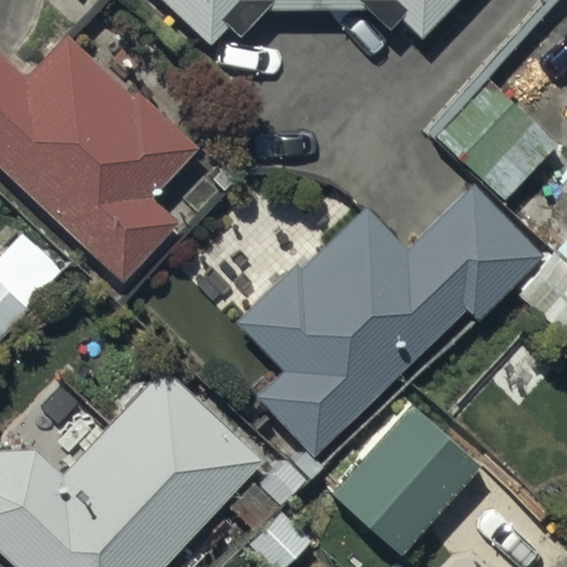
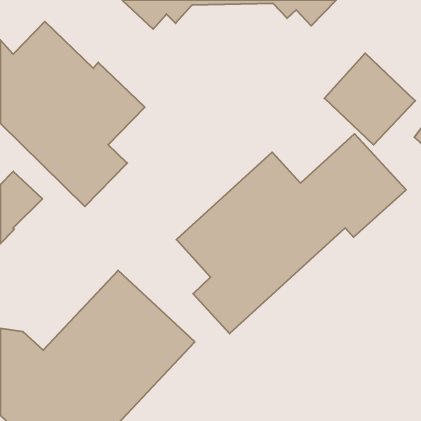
building: [331,405,480,556] -> none

